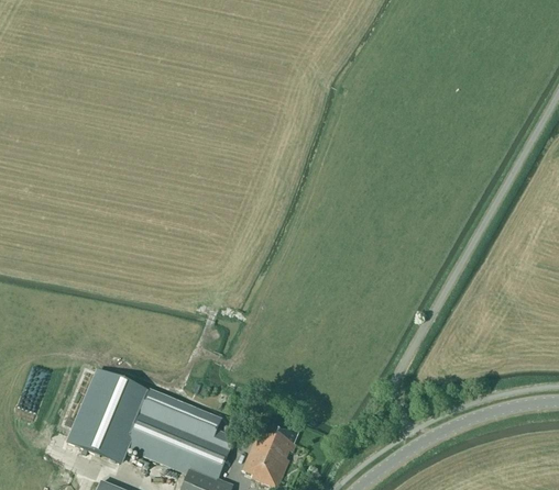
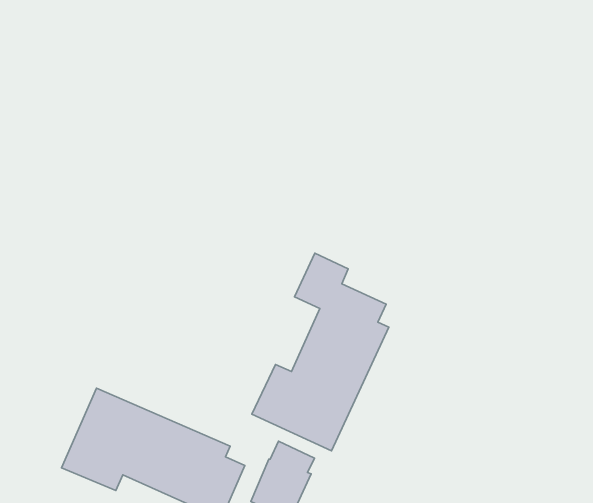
building: none -> [252,253,389,451]

